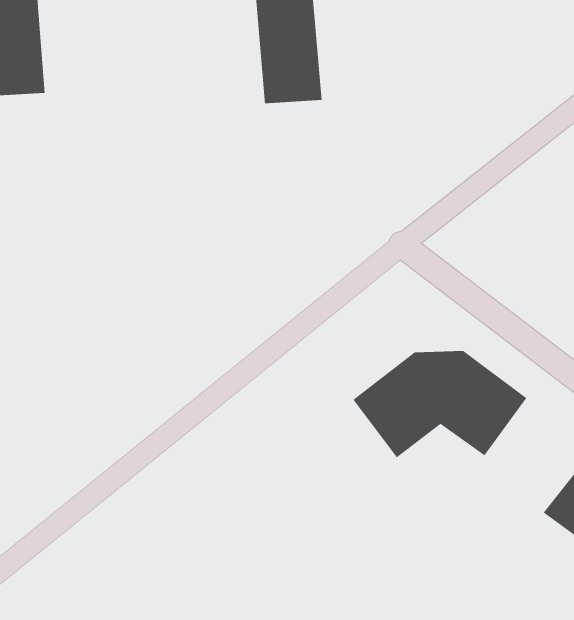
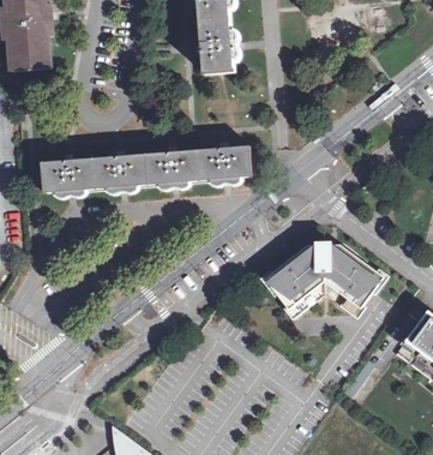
building: none -> [47,145,258,192]

